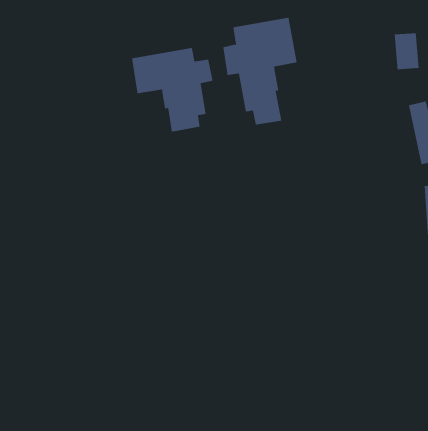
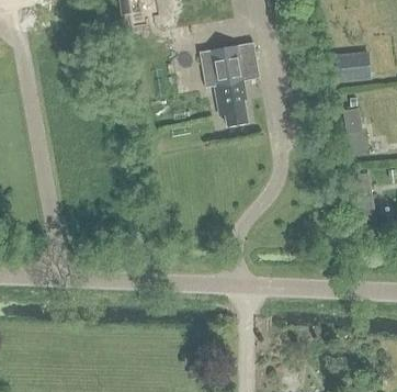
building: [131,47,213,132] -> none

